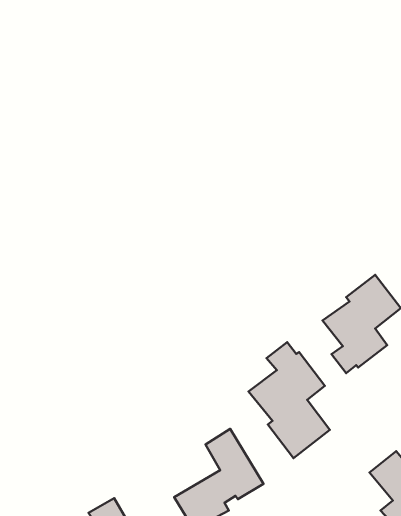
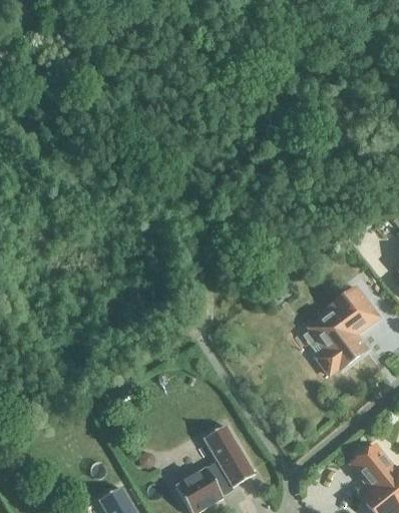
building: [248,342,330,458] -> none

